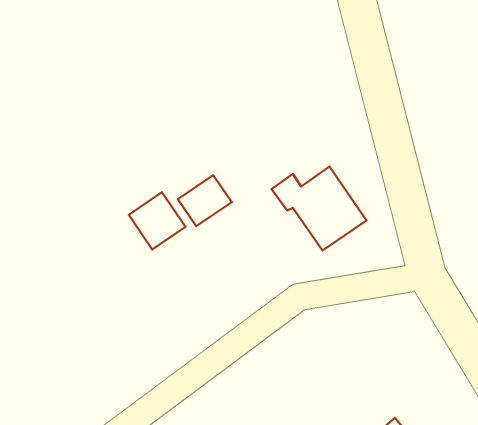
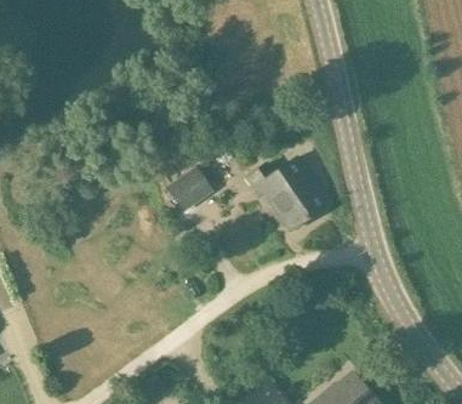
building: [129,192,185,249] -> none

